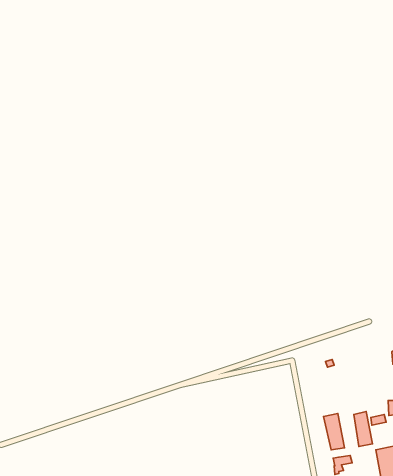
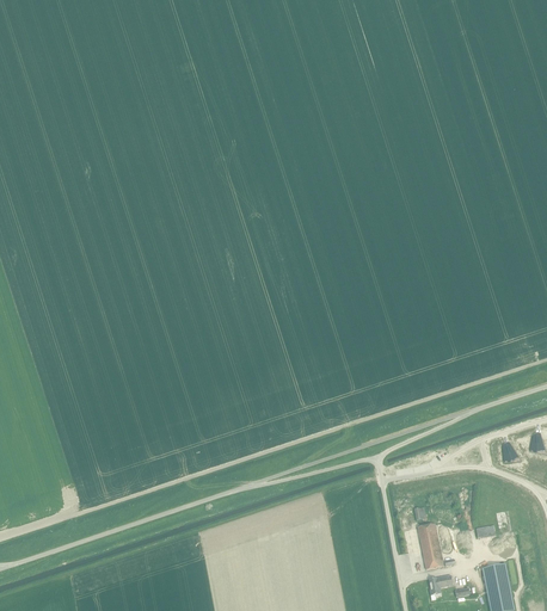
building: [354,411,372,446] -> none

